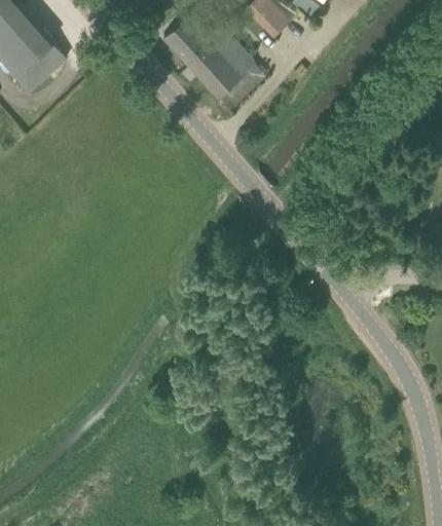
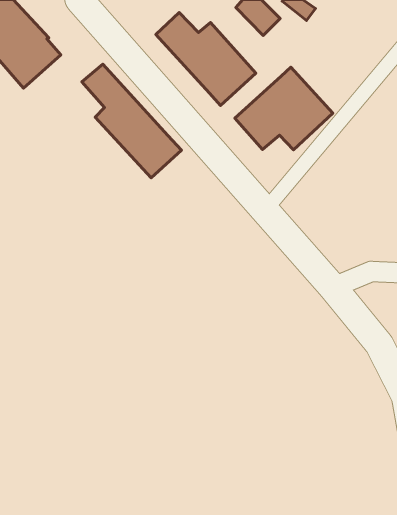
building: none -> [82,64,181,178]
building: none -> [235,67,333,150]

